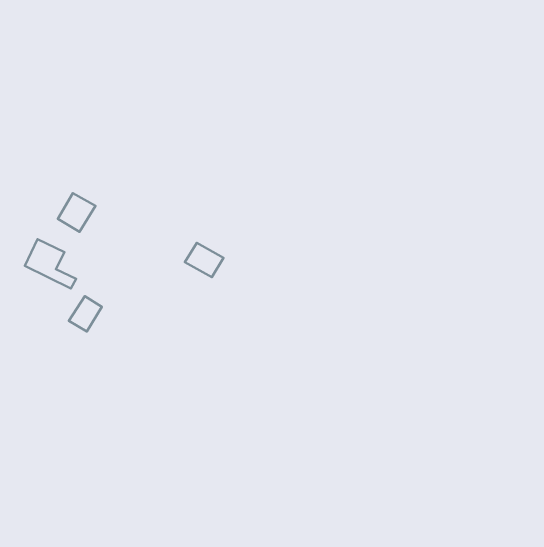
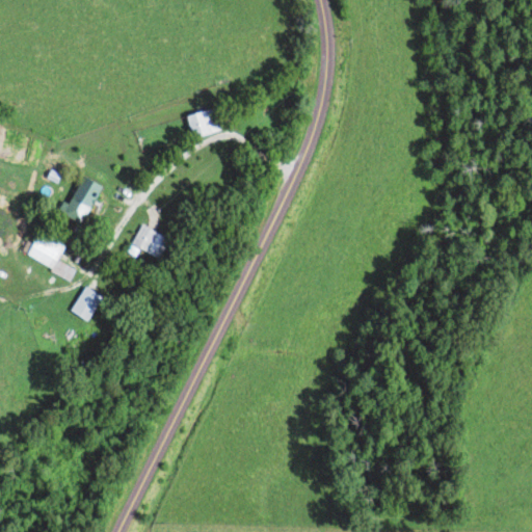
building: none -> [187,108,222,138]
building: [185,243,224,277] -> [132,225,169,259]

